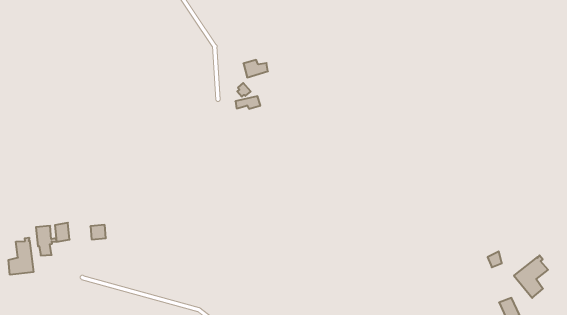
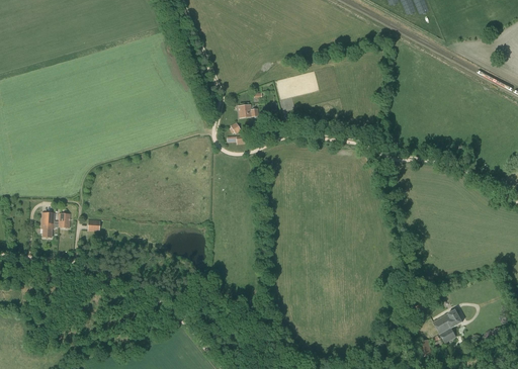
building: [8,238,33,275] -> none

